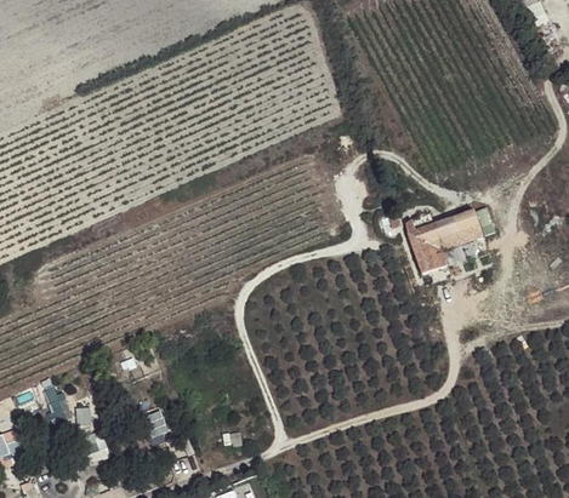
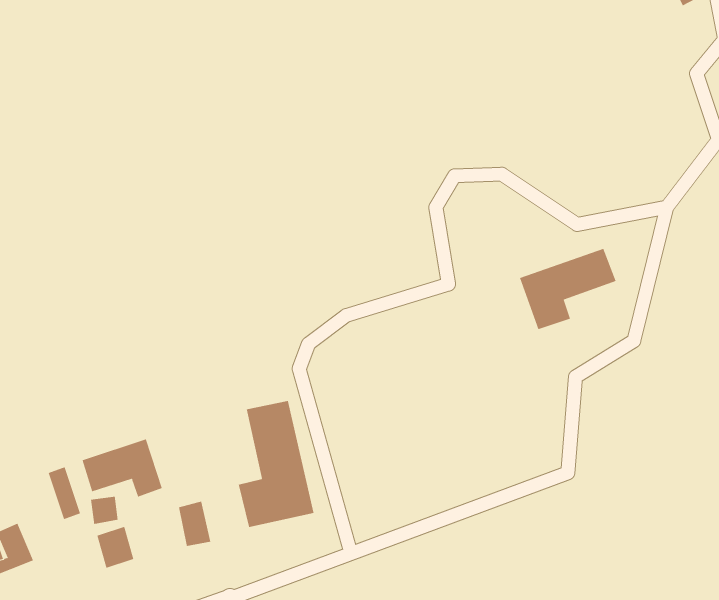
building: none -> [238,400,314,528]
building: none -> [82,438,163,497]

